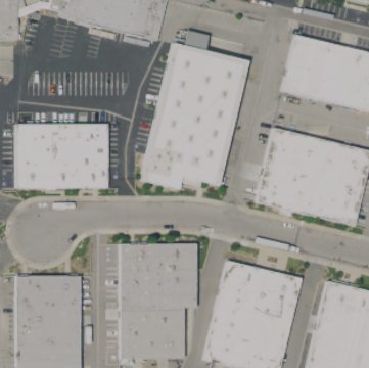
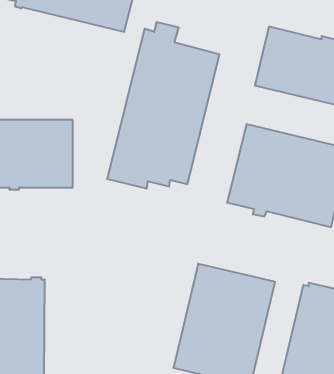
building: [120,241,196,358] -> none

